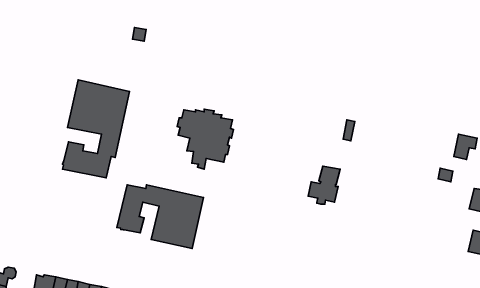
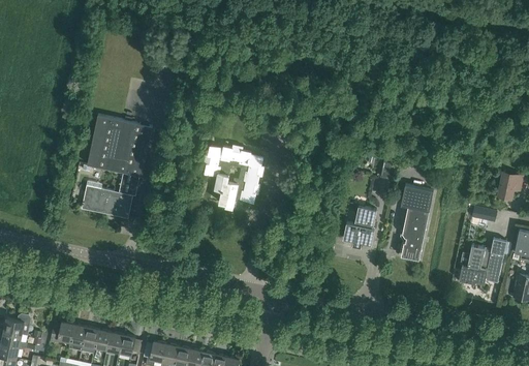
building: none -> [399,183,434,260]
building: [117,185,203,248] -> none
building: none -> [459,238,507,283]

